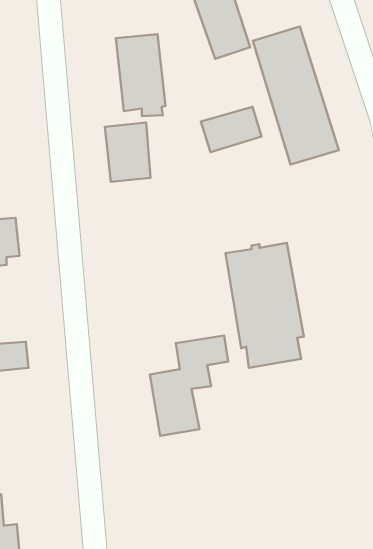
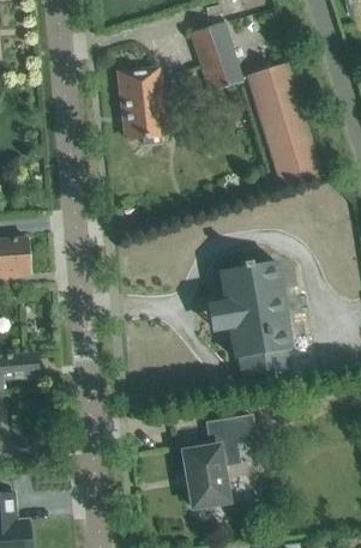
building: [201,107,261,152] -> none
building: [105,122,151,182] -> none
building: [150,335,228,436] -> [181,414,253,506]

